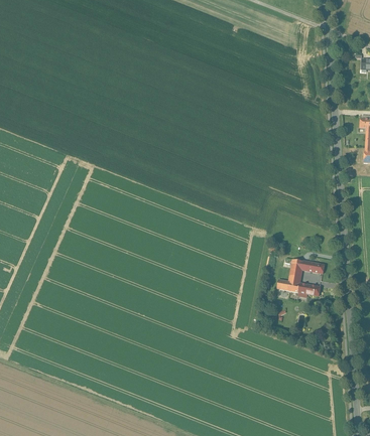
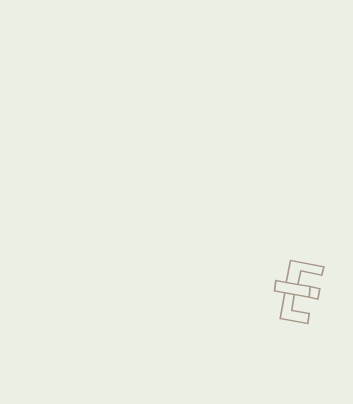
building: none -> [280,293,309,324]

